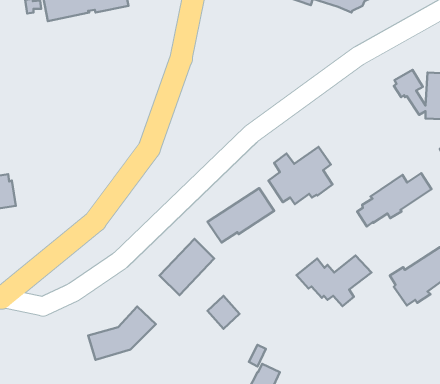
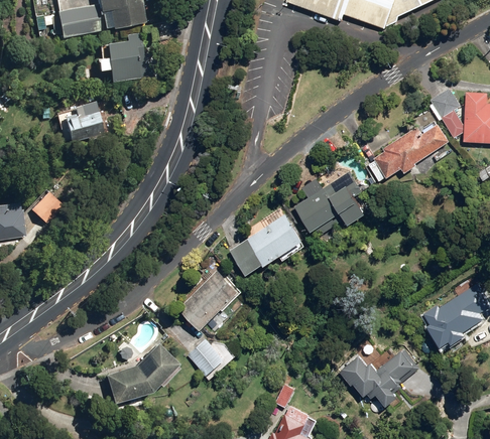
building: none -> [104,32,149,82]
building: none -> [62,101,104,142]
building: none -> [30,190,63,223]
building: [357,173,432,227] -> [370,125,450,182]
building: [296,256,372,306] -> [342,346,422,401]
building: [208,296,240,329] -> [188,339,222,375]

